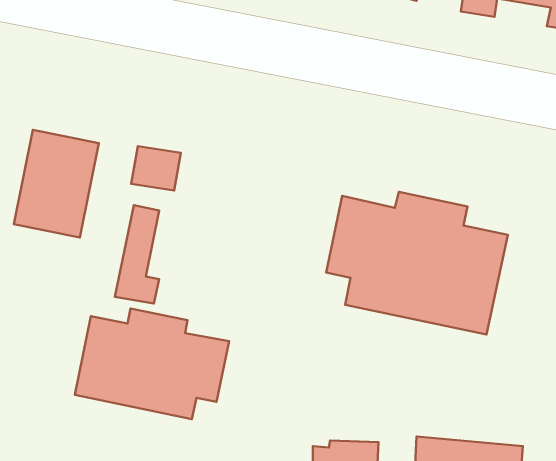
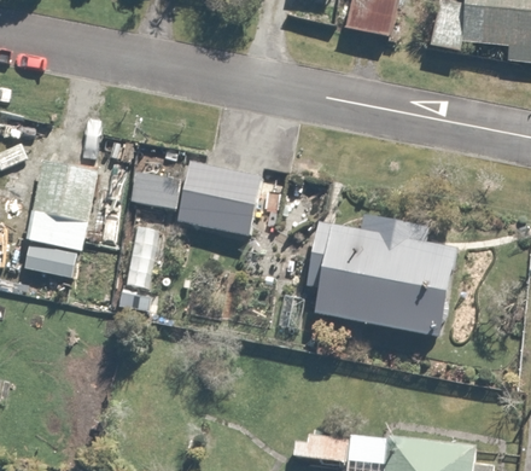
building: none -> [176,159,264,242]
building: [75,309,229,419] -> none

